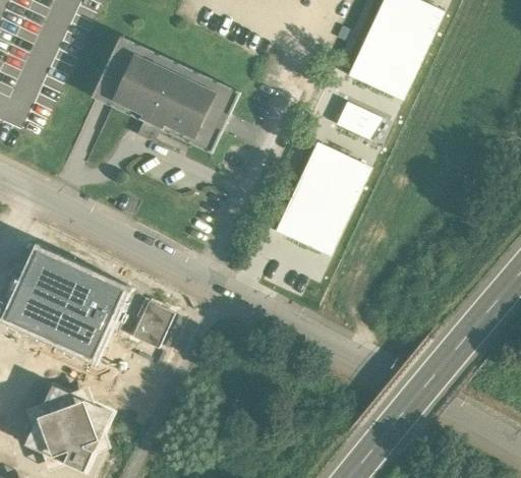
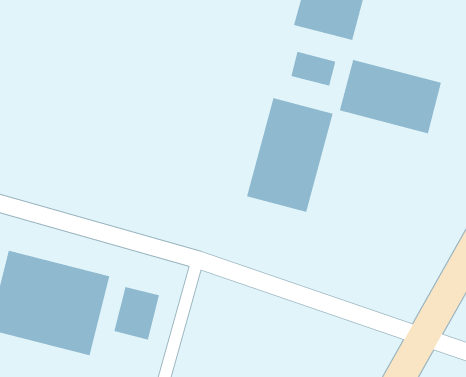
building: [92,39,238,156] -> none
building: none -> [339,59,442,134]

